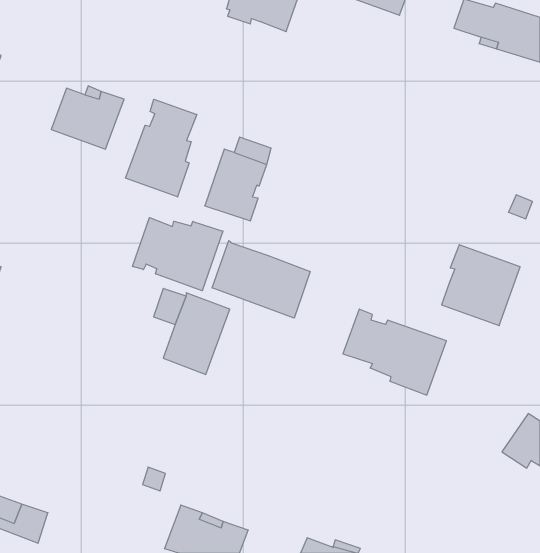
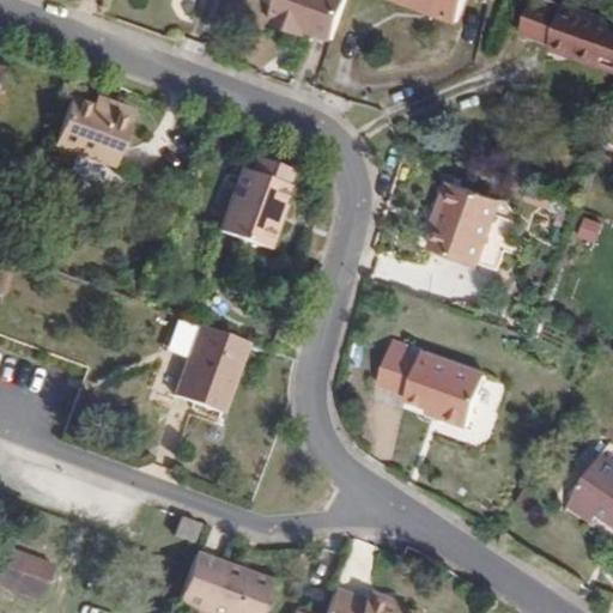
building: [126,99,197,197] -> none
building: [133,218,223,291] -> none
building: [212,241,310,318] -> none
building: [442,245,520,326] -> [435,176,521,265]

